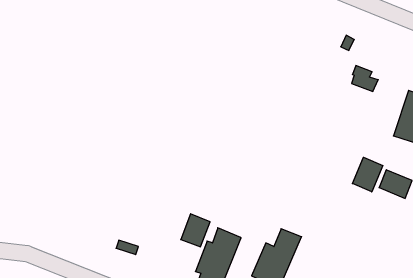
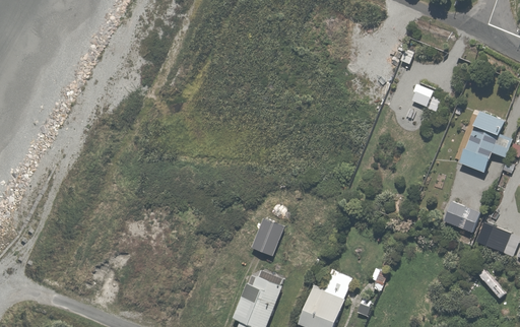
building: [352,157,383,192] -> none
building: [181,214,210,247] -> [251,217,284,255]

